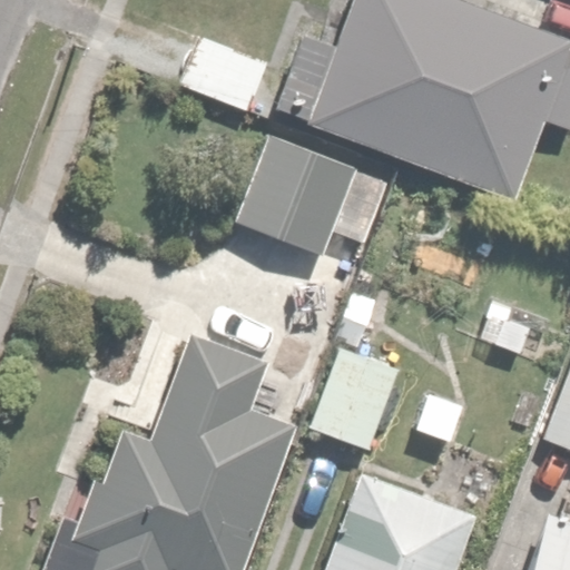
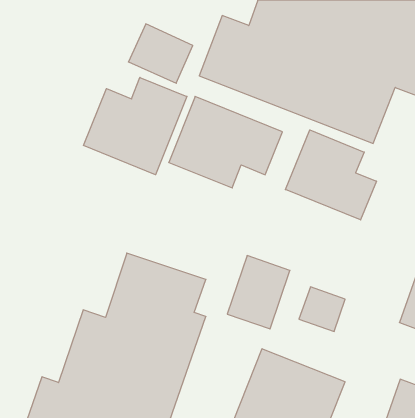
building: none -> [83,77,187,175]
building: none -> [285,130,376,220]

